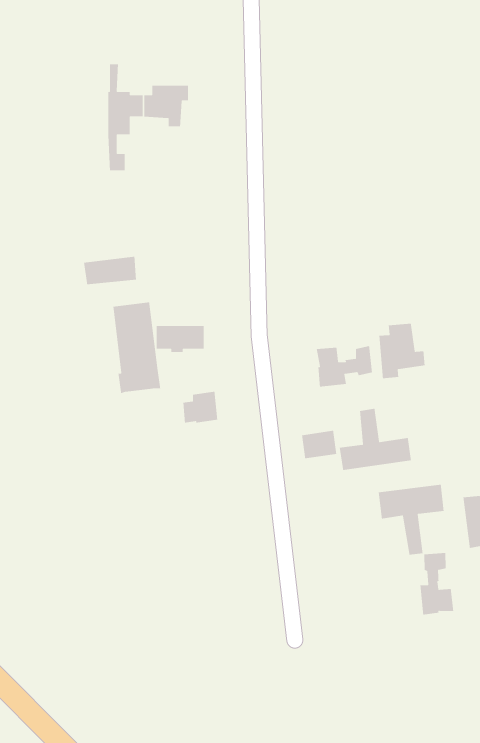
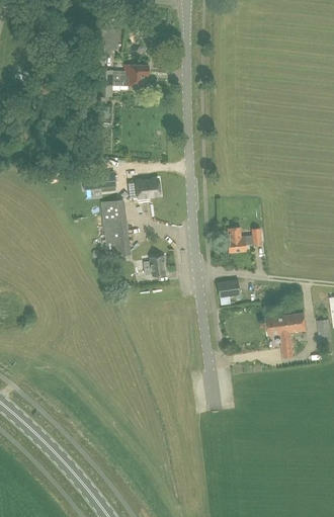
building: [379,323,425,379] -> none
building: [156,325,205,353] -> [130,179,160,196]
building: [339,408,412,471] -> none
building: [419,552,454,615] -> none

